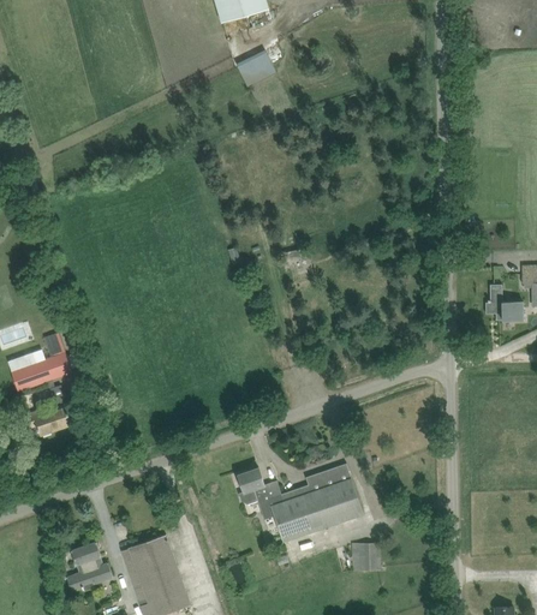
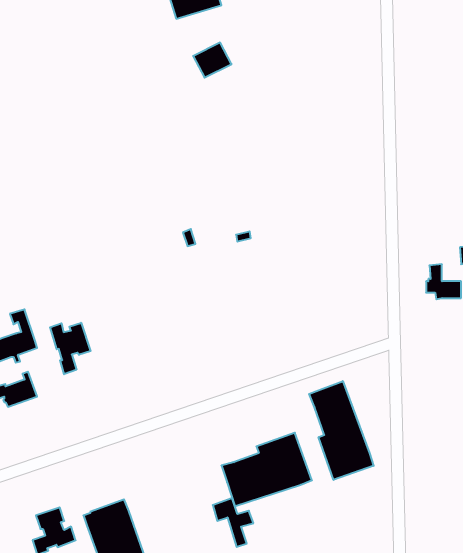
building: none -> [50,323,91,374]
building: none -> [309,381,374,480]
building: [238,468,281,520] -> [213,498,253,547]
building: [352,543,380,572] -> none

